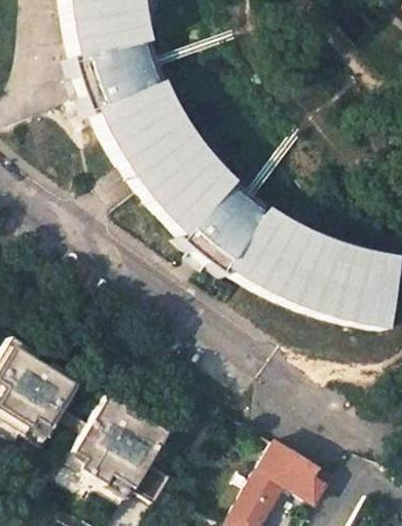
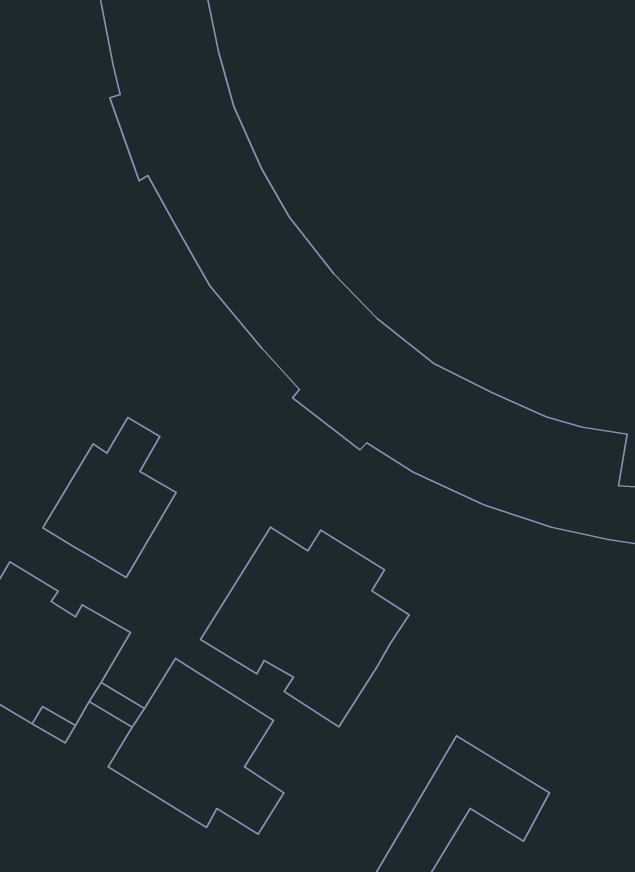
building: none -> [43,418,176,578]
building: none -> [200,527,409,727]

